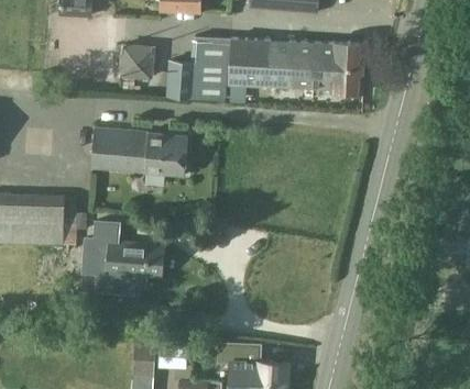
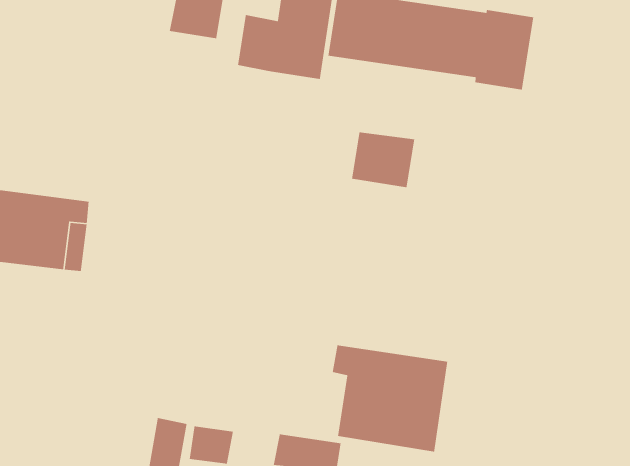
building: [91,129,187,177] -> none
building: none -> [351,131,415,188]
building: [83,225,164,293] -> none
building: none -> [332,344,448,453]

